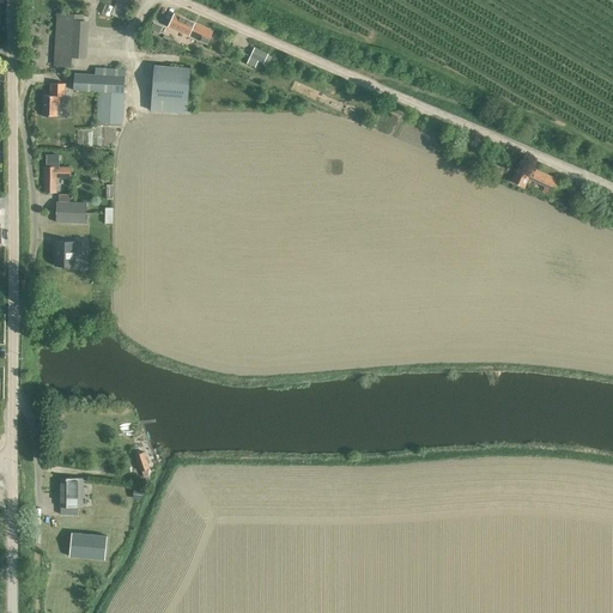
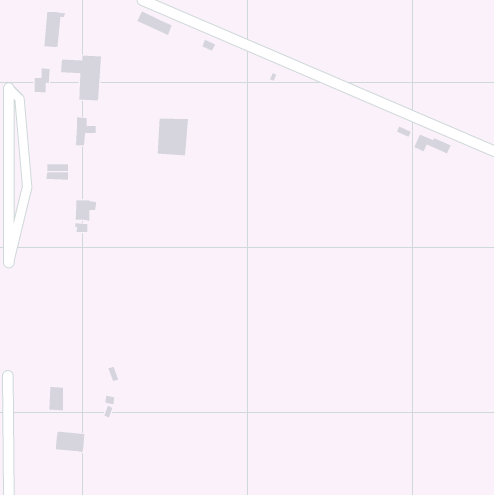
building: [152,67,192,114] -> [157,118,189,156]
building: [43,157,69,193] -> [75,117,96,146]
building: [54,241,81,267] -> [75,200,97,221]

